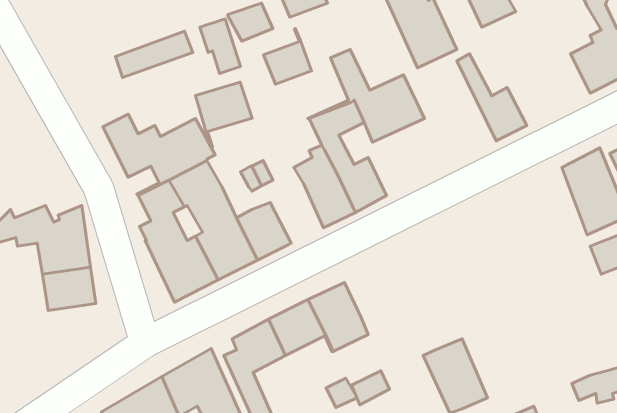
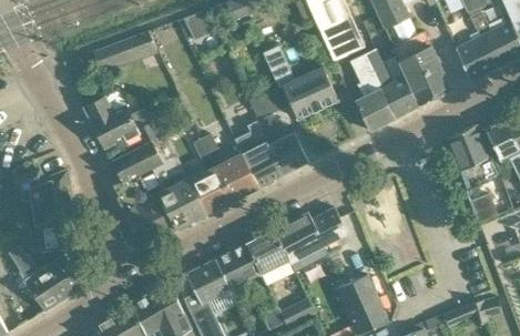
building: [264,28,311,84] -> none
building: none -> [392,32,451,105]
building: none -> [348,55,395,131]
building: [195,82,252,148] -> none
building: none -> [216,153,258,200]
building: none -> [275,207,347,262]
building: none -> [8,246,84,312]

